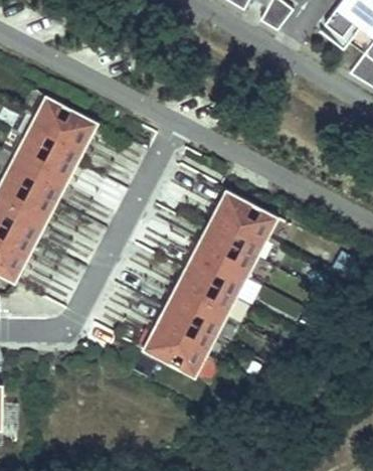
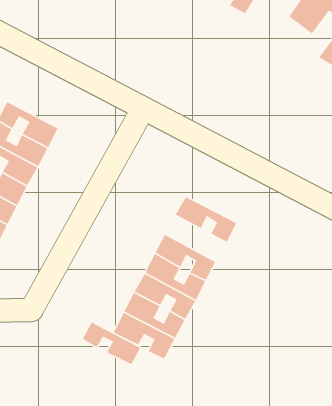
building: [35,95,99,143] -> none
building: [215,190,278,239] -> none
building: [194,230,257,278] -> none
building: none -> [82,322,141,365]

